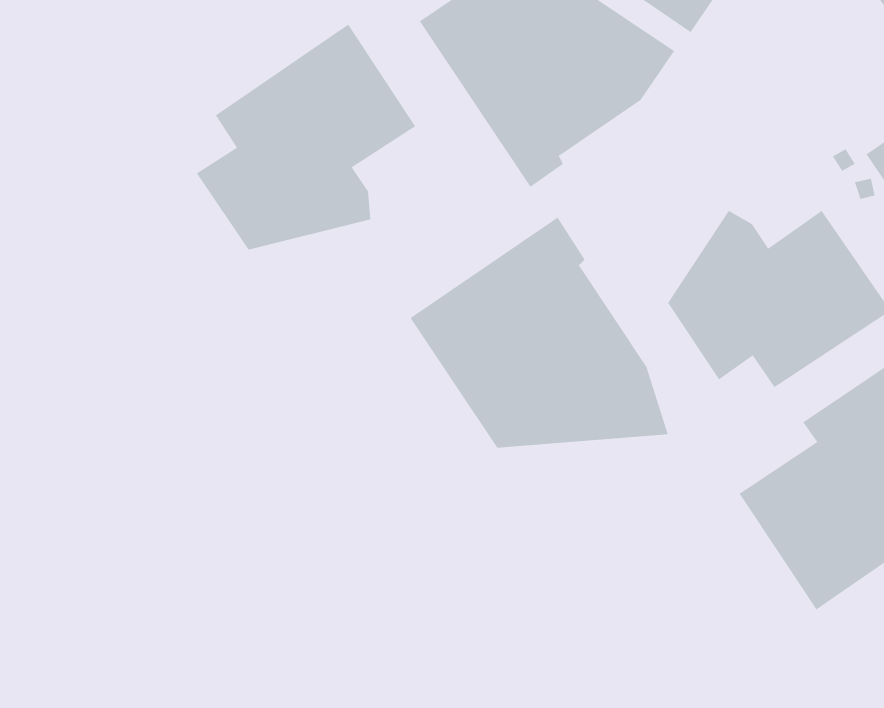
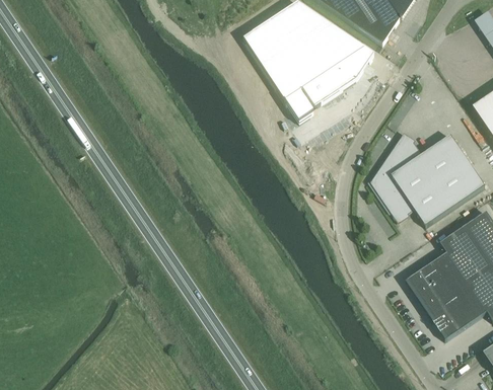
building: [196,23,416,250] -> none
building: [410,217,669,449] -> none

